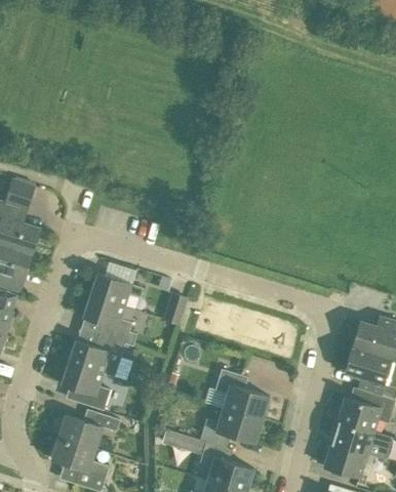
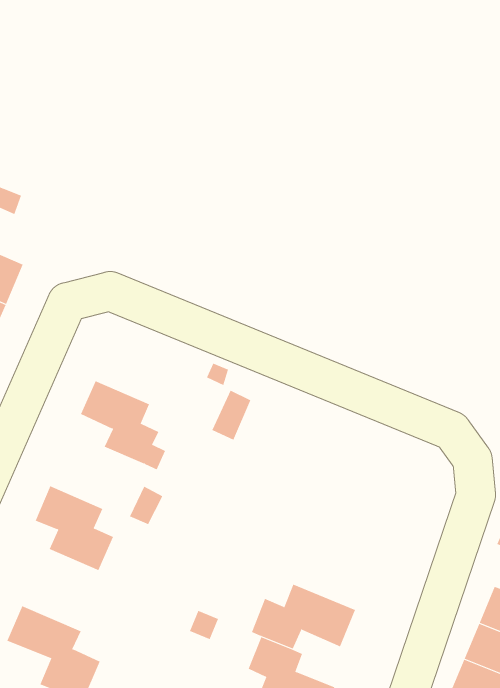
building: [89,274,143,306] -> none
building: [68,335,124,377] -> none
building: [214,369,269,420] -> none
building: [57,412,119,449] -> none

